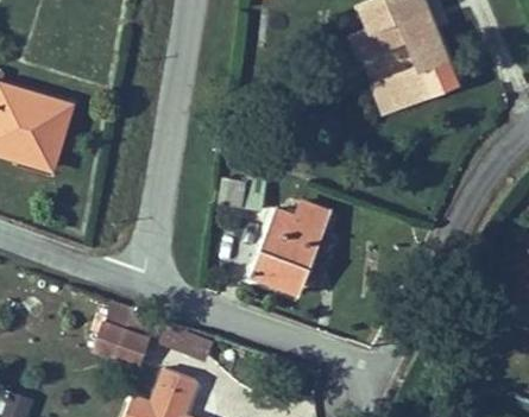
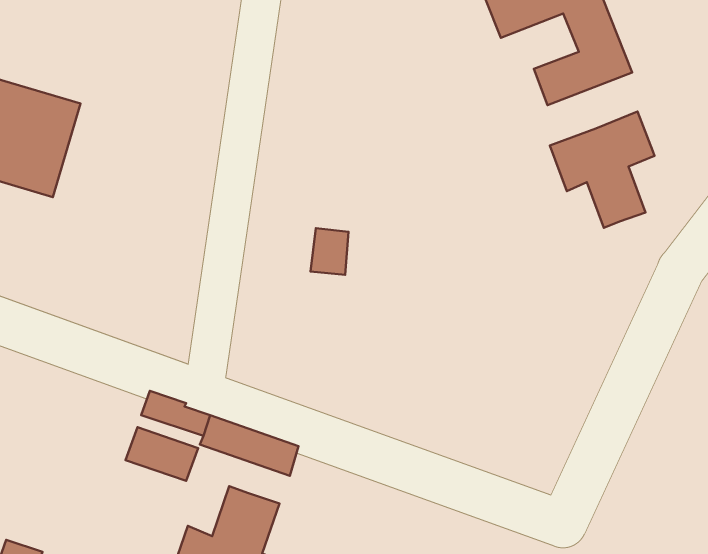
building: none -> [550,112,654,228]
building: [241,203,323,293] -> none

